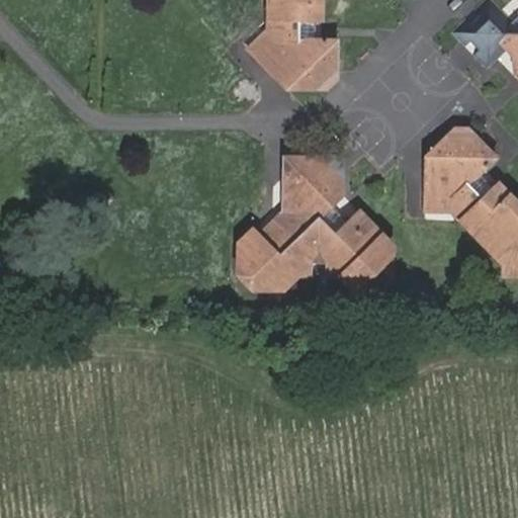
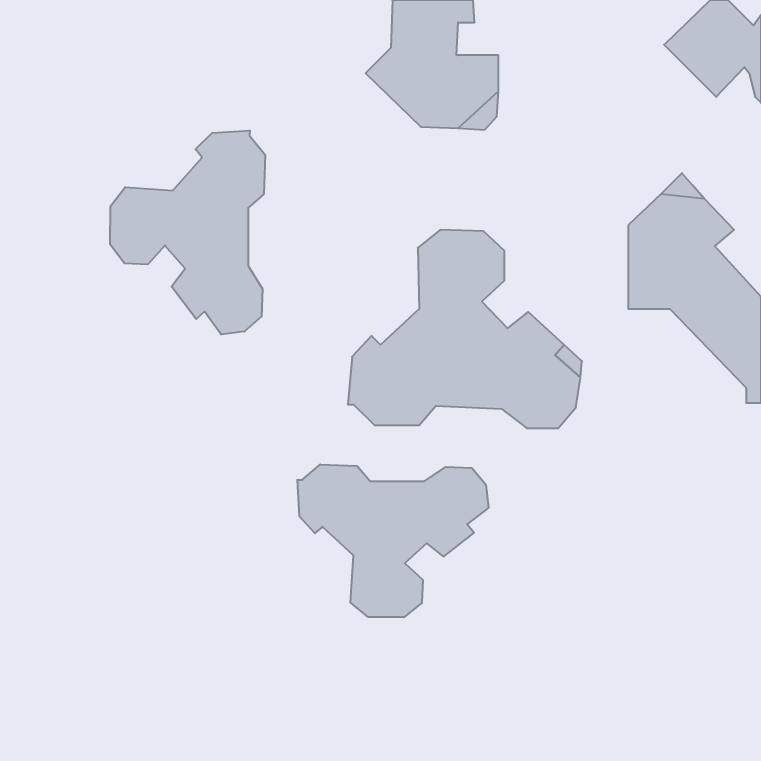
building: none -> [110,130,265,335]
building: none -> [297,464,489,617]

